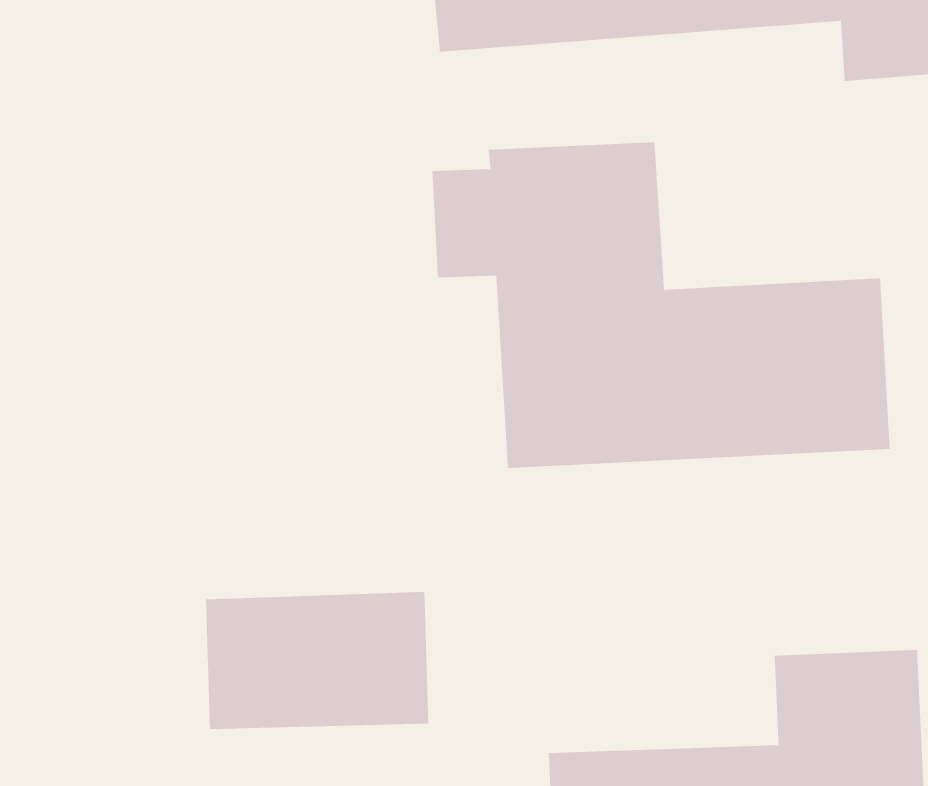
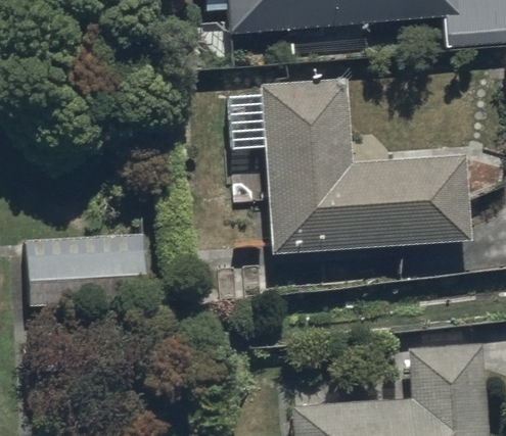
building: [205,591,429,730] -> [27,234,144,306]

